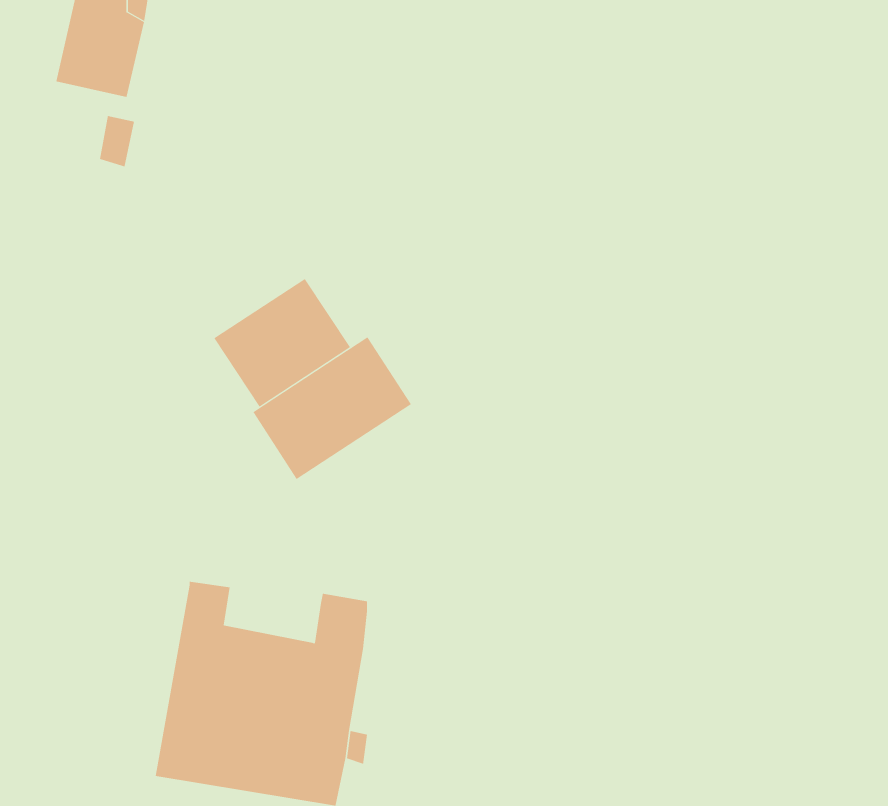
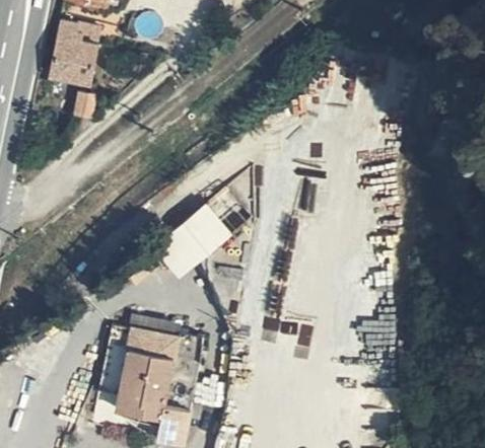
building: [213,278,351,407] -> none
building: none -> [136,330,185,359]

